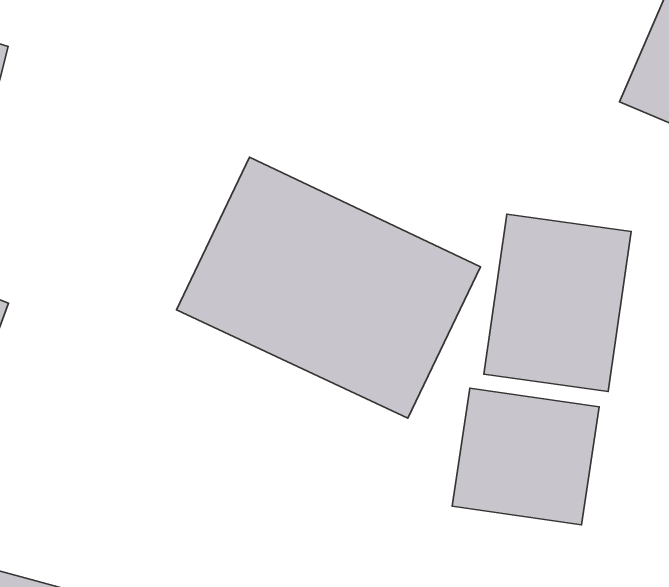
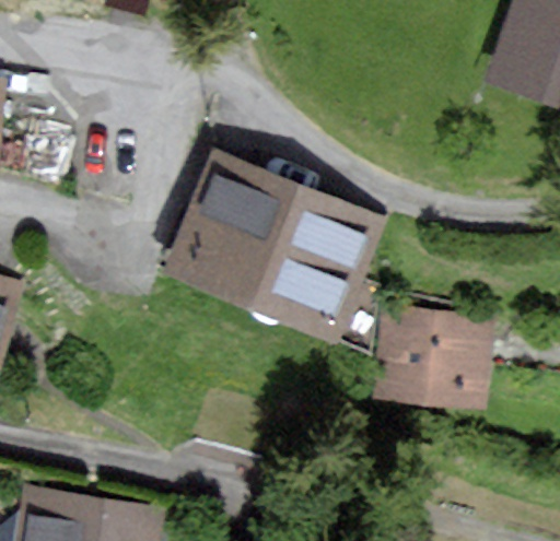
building: [484,214,631,392] -> none

